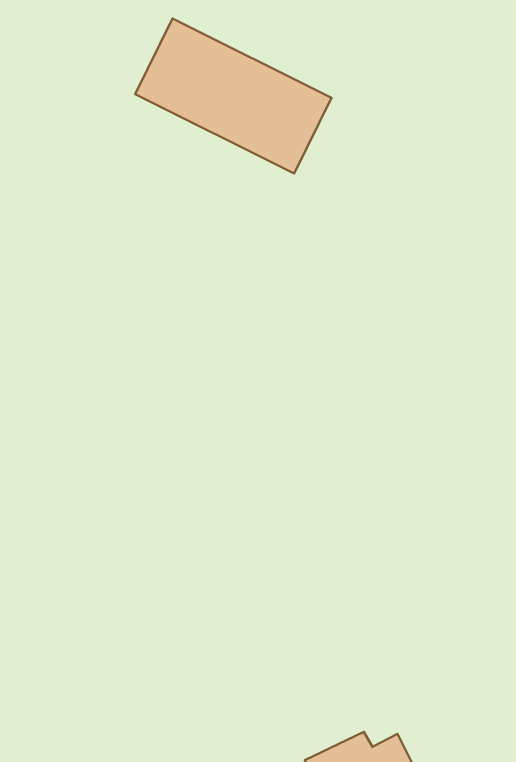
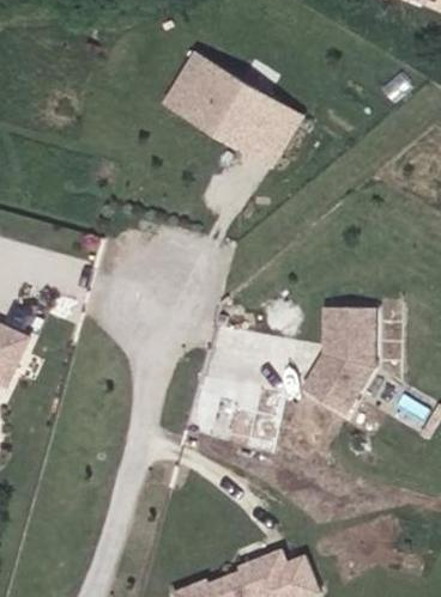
building: none -> [304,309,373,412]

